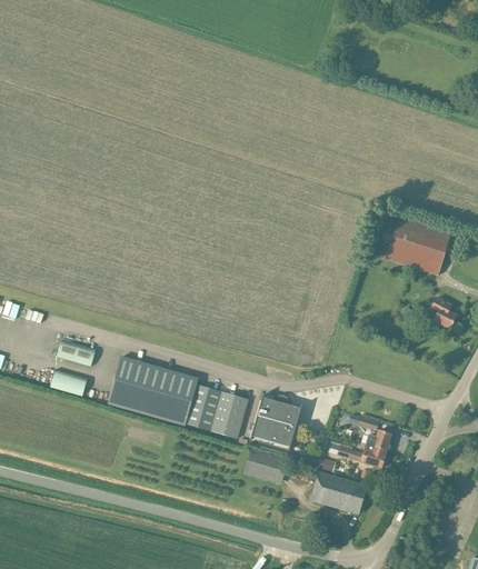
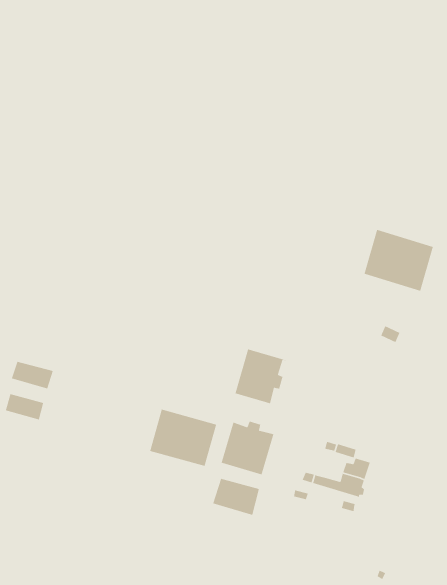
building: [426,297,456,329] -> none
building: none -> [231,348,287,405]
building: [107,356,198,426] -> none
building: [310,471,366,513] -> none

